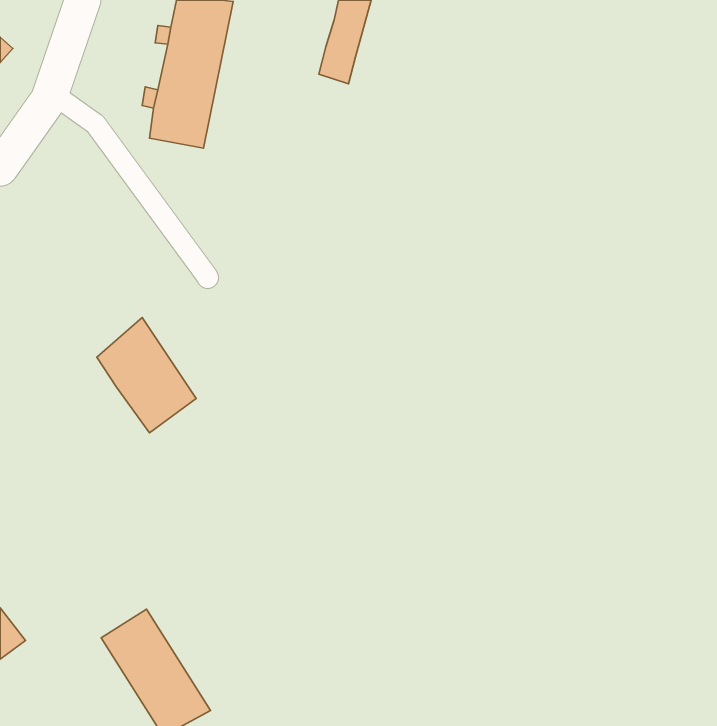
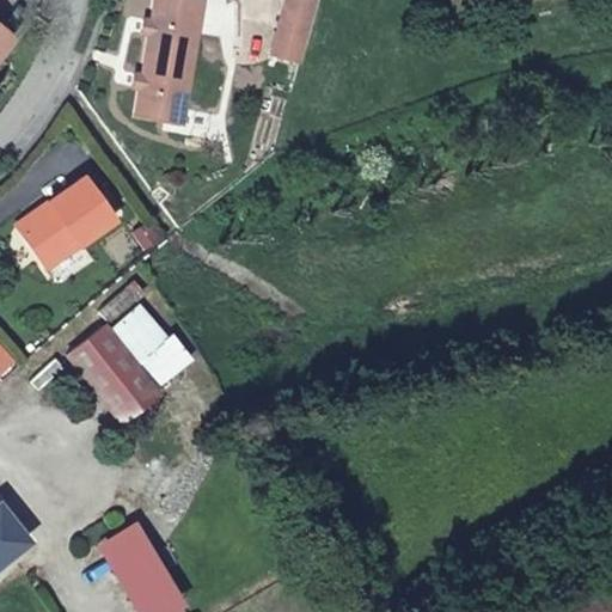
building: none -> [23,175,117,268]
building: none -> [66,326,189,428]

